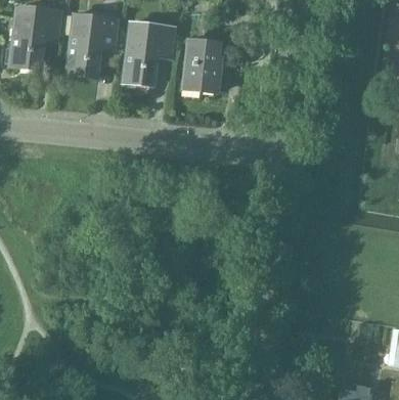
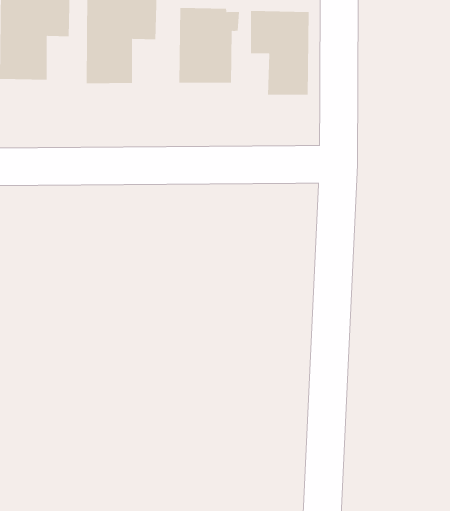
building: none -> [250,10,309,96]

